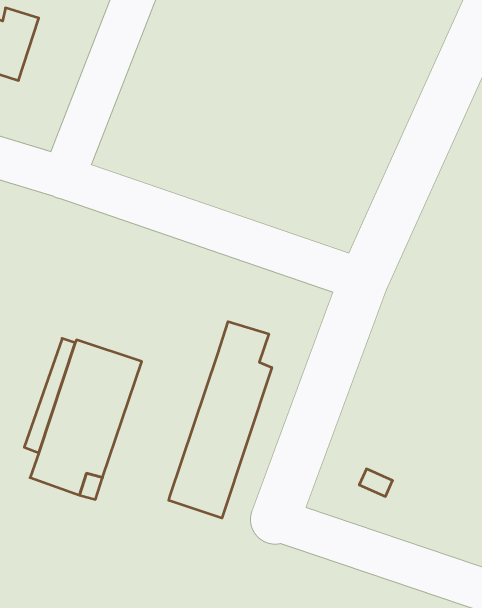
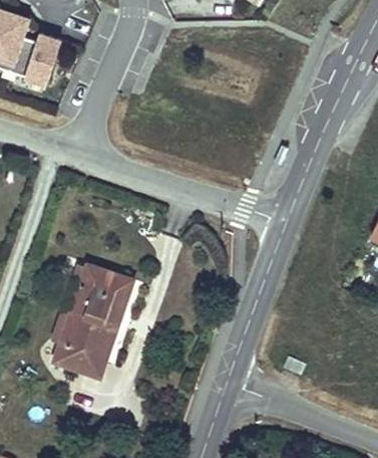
building: [169,322,272,518] -> none

